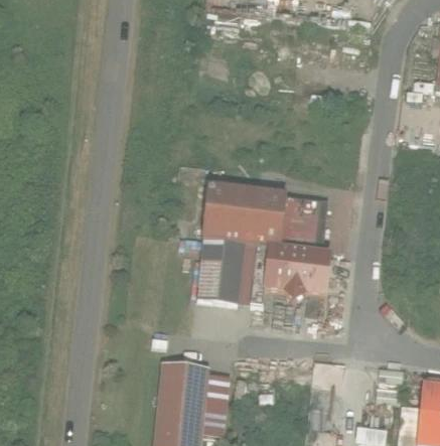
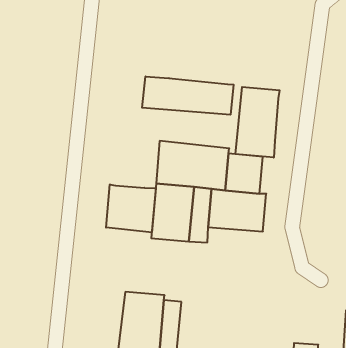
building: none -> [142,76,234,115]
building: none -> [235,87,280,158]
building: none -> [106,184,156,232]

